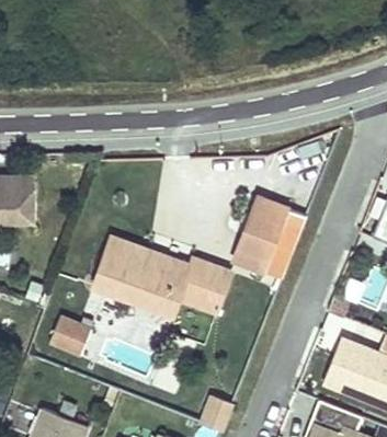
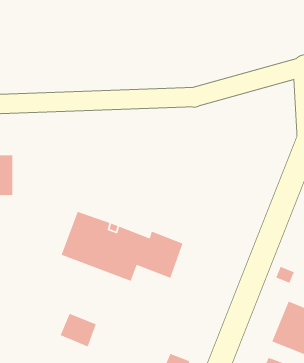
building: [229,197,300,278] -> none
building: [48,315,90,354] -> [59,313,97,347]

